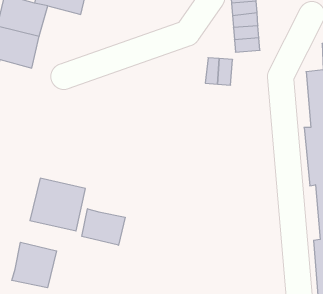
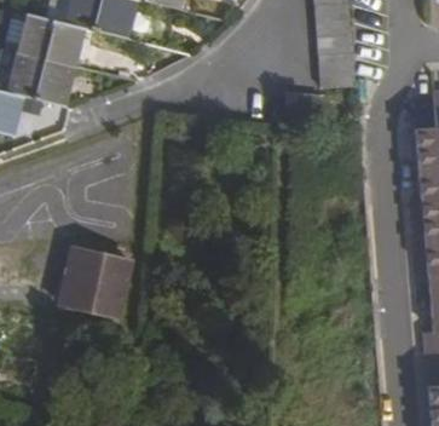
building: [82,209,125,245] -> none
building: [12,242,57,288] -> none

